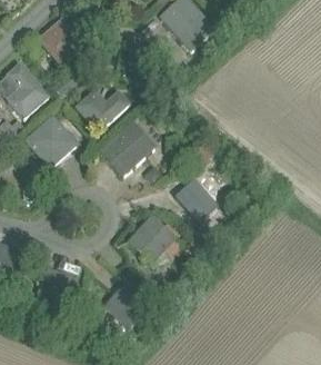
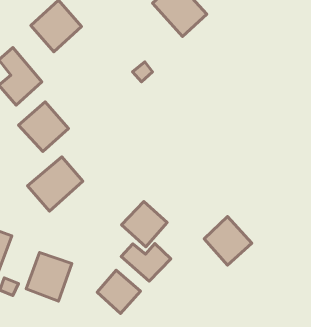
building: [74,88,131,132] -> none
building: [100,121,156,176] -> [27,157,83,211]
building: [175,174,223,223] -> [204,217,252,265]
building: none -> [121,244,171,281]

